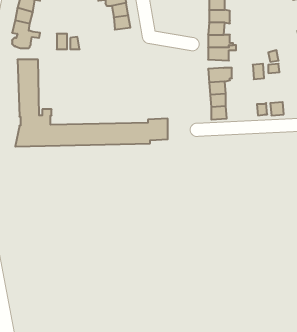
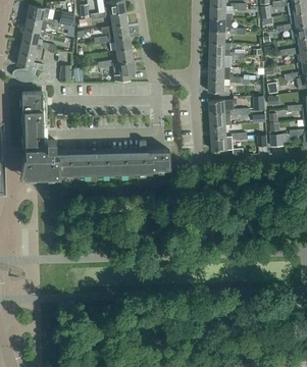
building: none -> [105,61,135,83]

